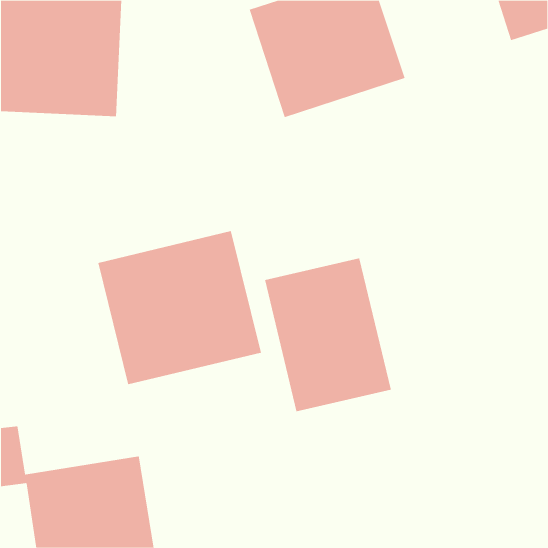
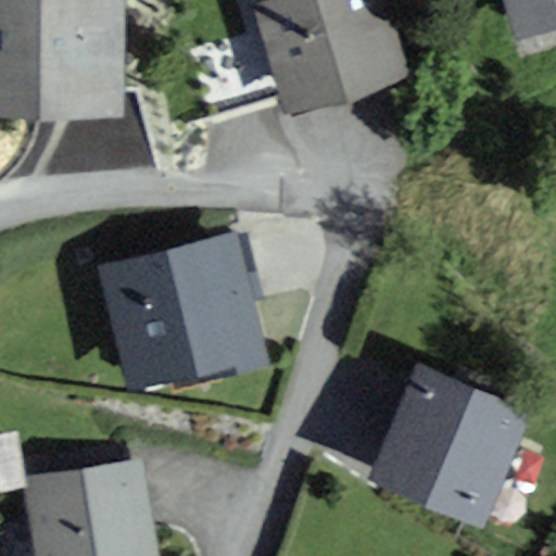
building: [264,257,391,412] -> none
building: none -> [370,362,533,523]

